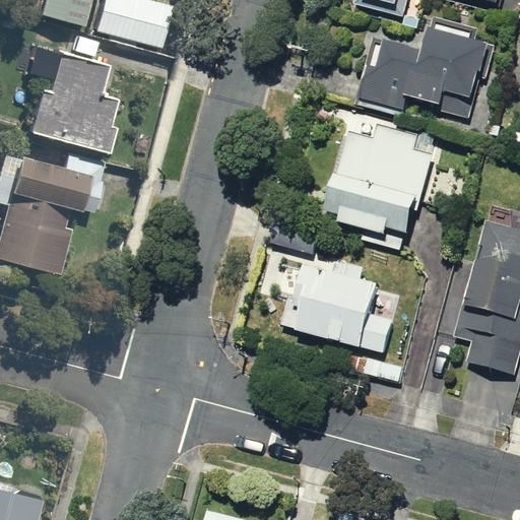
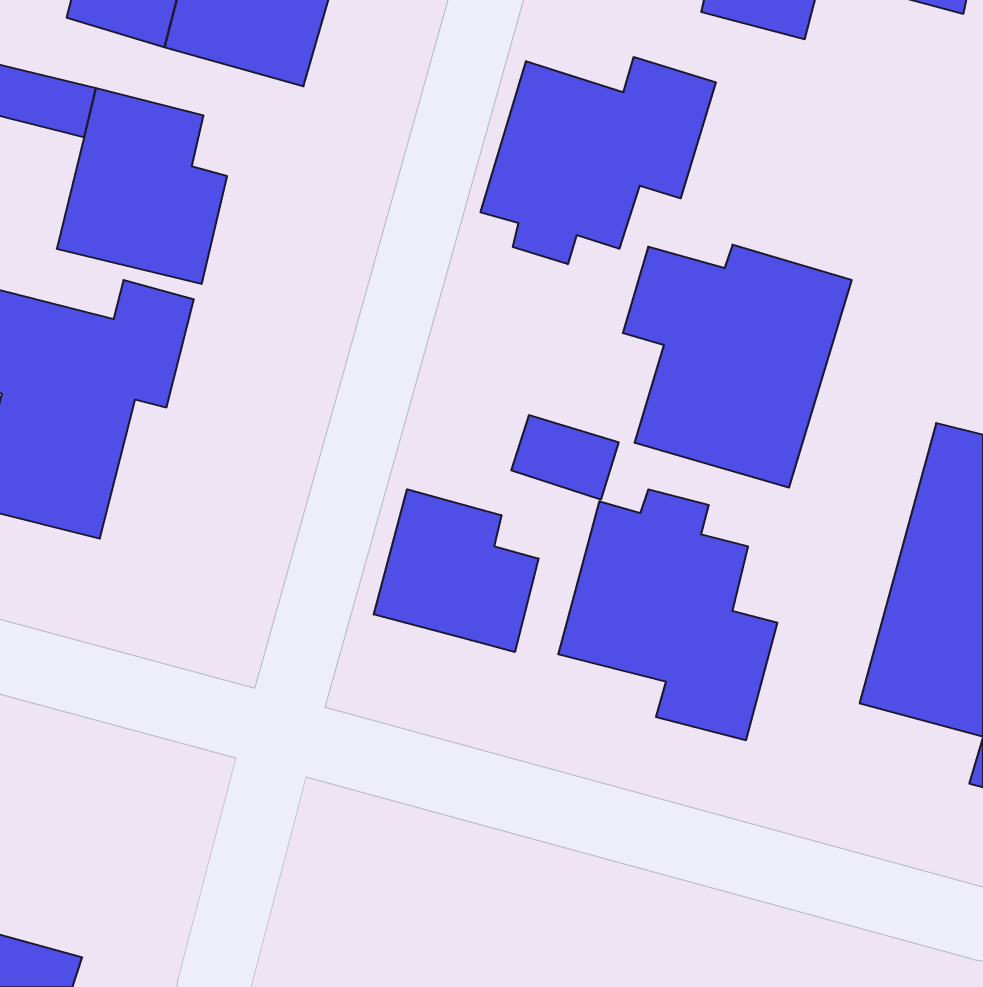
building: [358,22,499,121] -> none
building: none -> [481,57,716,264]
building: none -> [374,489,539,652]

